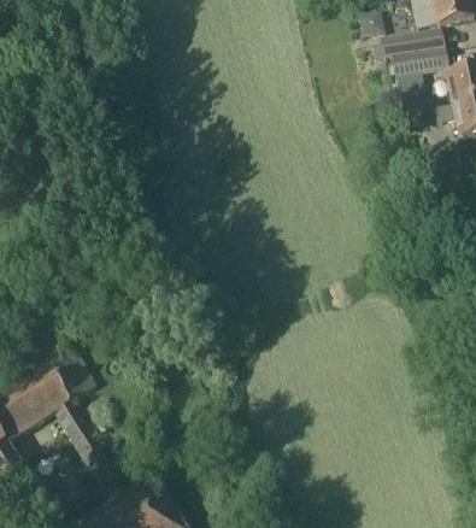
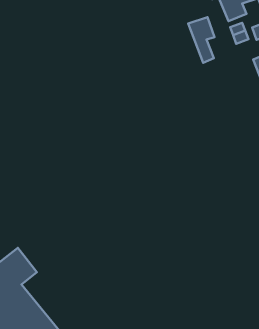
building: none -> [188,17,215,63]

